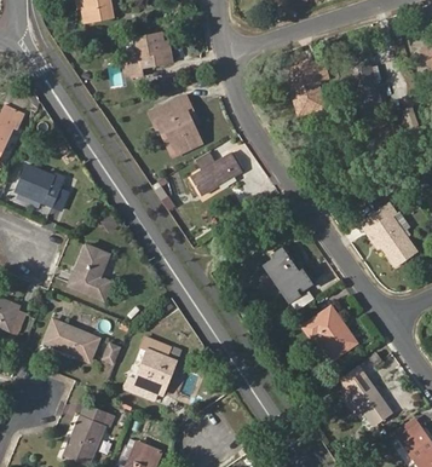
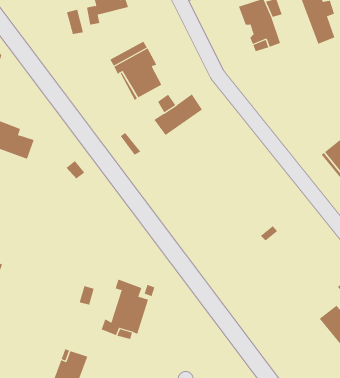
building: [69,244,113,300] -> none
building: [264,248,311,301] -> none
building: [304,305,356,358] -> none
building: [45,318,99,361] -> none

